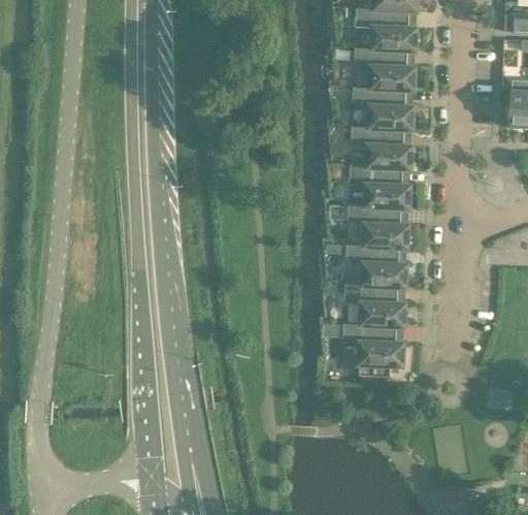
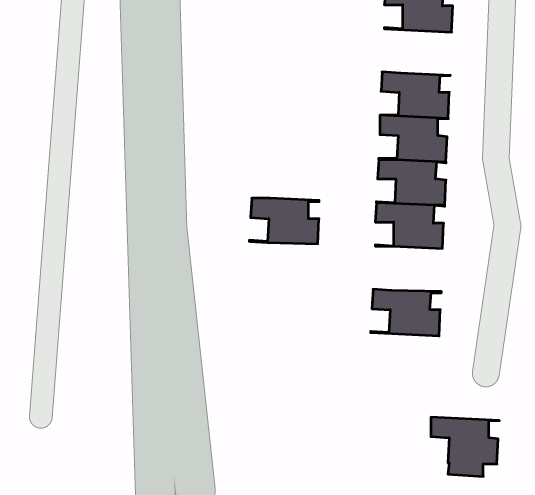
building: [353,46,416,89] -> none
building: [344,244,407,285] -> [249,198,319,244]
building: [342,322,404,376] -> [431,417,499,476]

